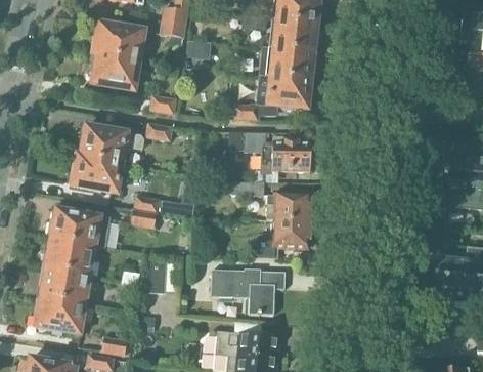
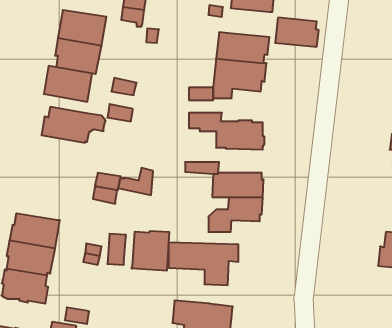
building: [273,20,319,51] -> [275,18,319,47]
building: [72,155,123,193] -> [44,66,92,102]
building: [48,207,111,247] -> none
building: none -> [132,231,169,271]

